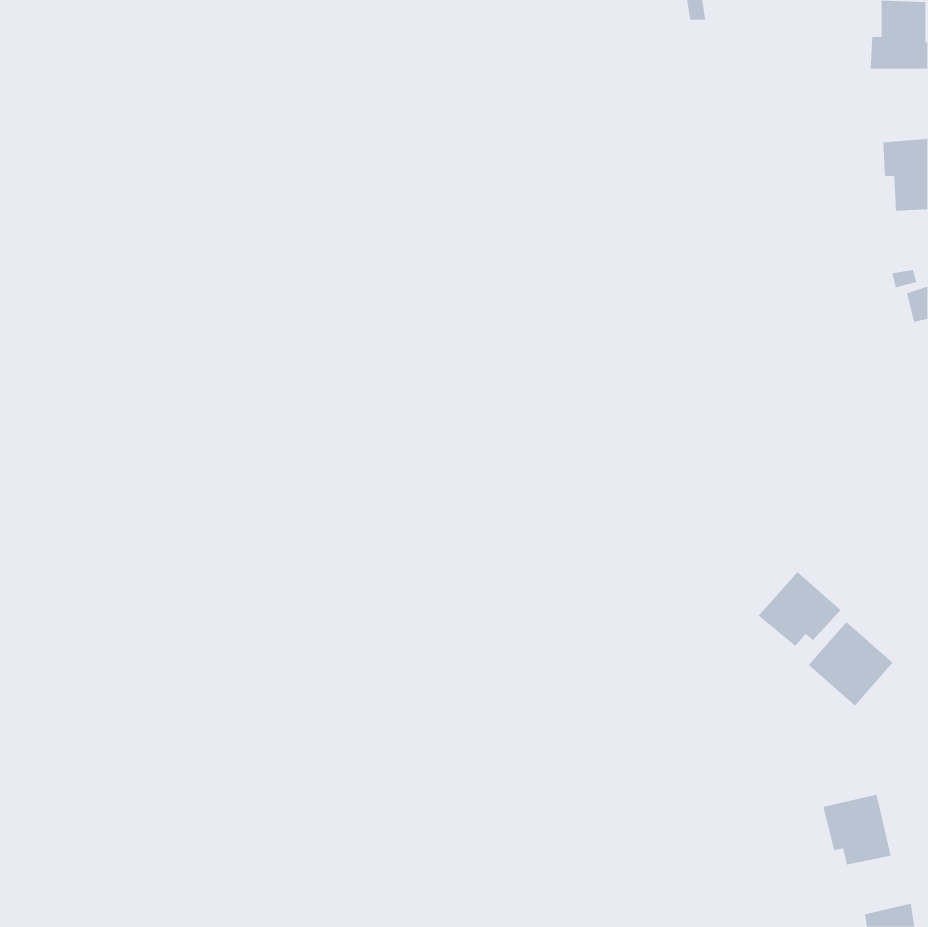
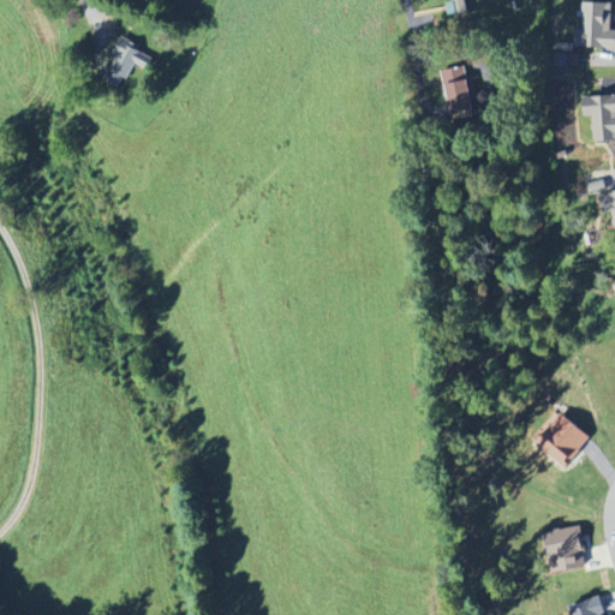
building: none -> [102,38,154,88]
building: none -> [443,68,476,119]
building: [758,571,841,647] -> none

